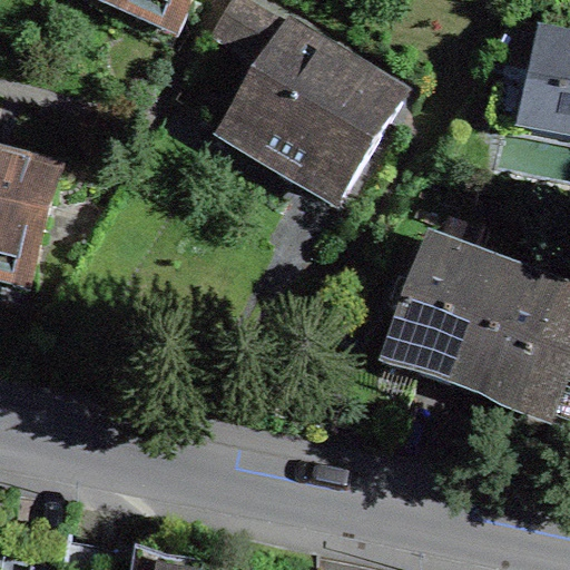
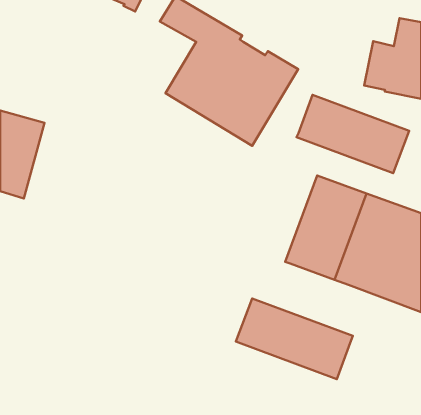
building: none -> [297,95,409,173]
building: none -> [236,299,353,379]

